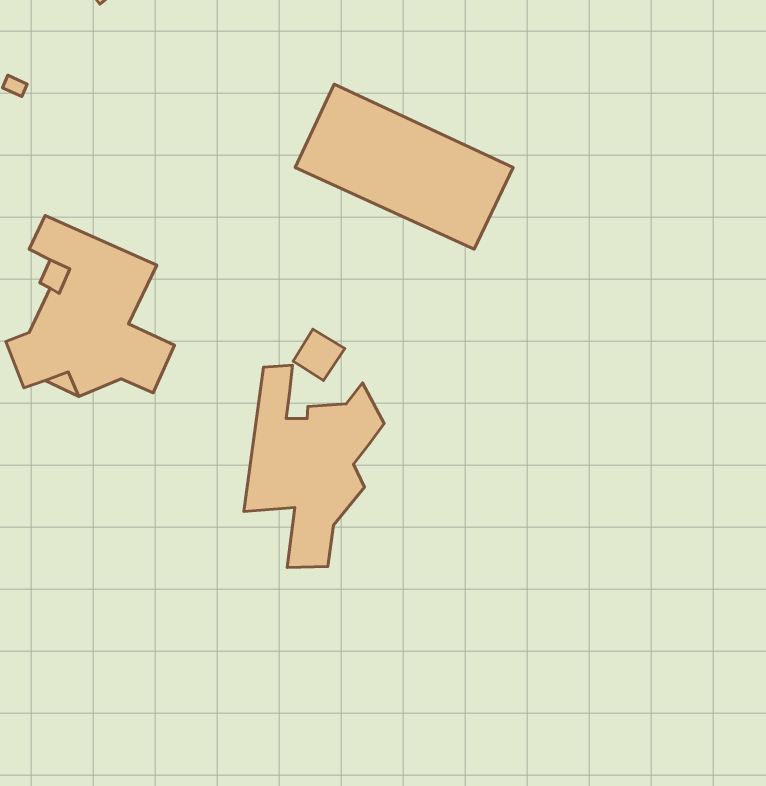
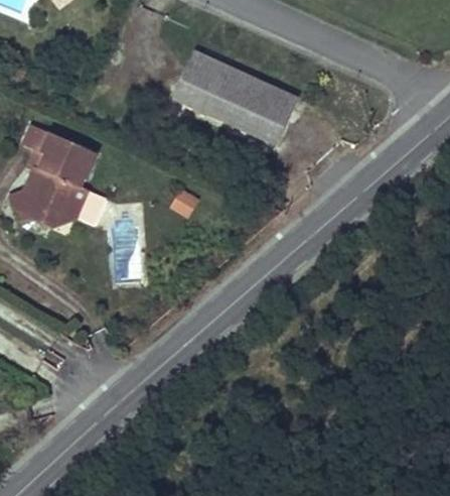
building: [244,365,384,568] -> none

